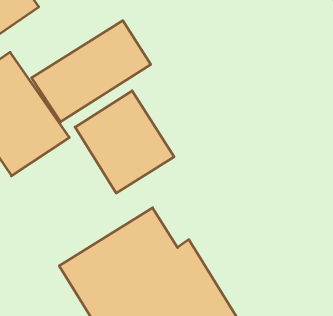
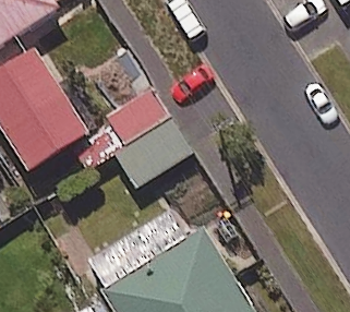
building: [32,21,151,122] -> none

